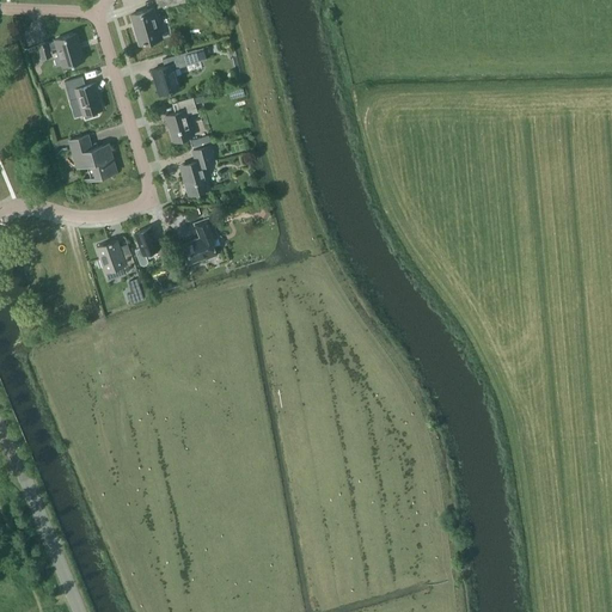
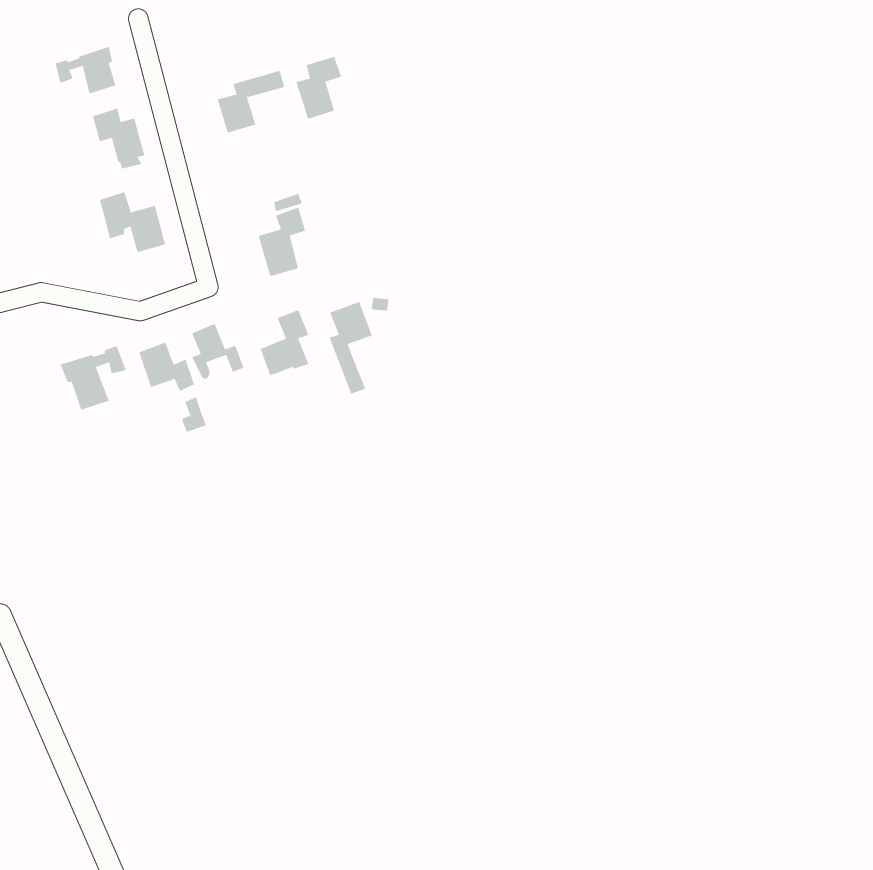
building: [130,10,161,44] -> none
building: [165,99,197,143] -> [296,56,342,119]
building: none -> [329,301,372,395]
building: none -> [60,345,126,410]

